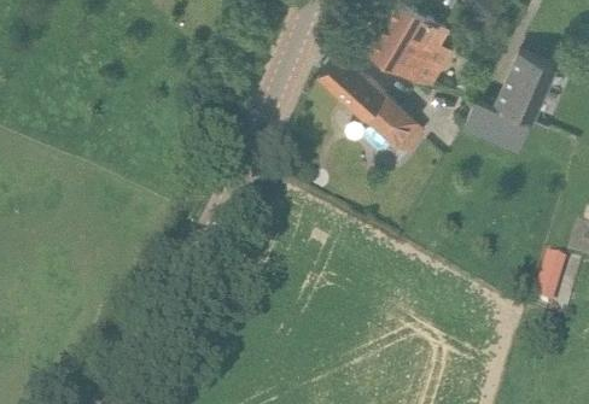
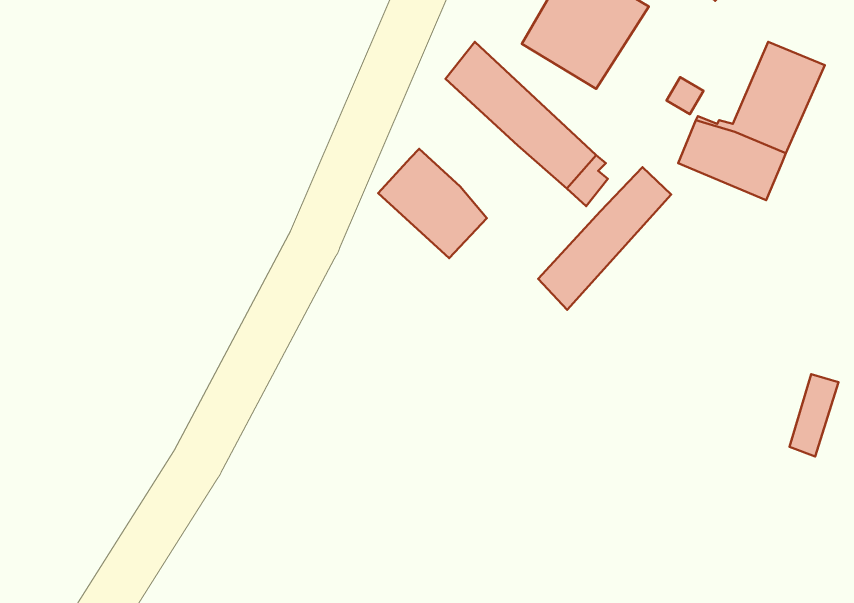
building: none -> [378,149,487,258]
building: none -> [538,167,671,310]

